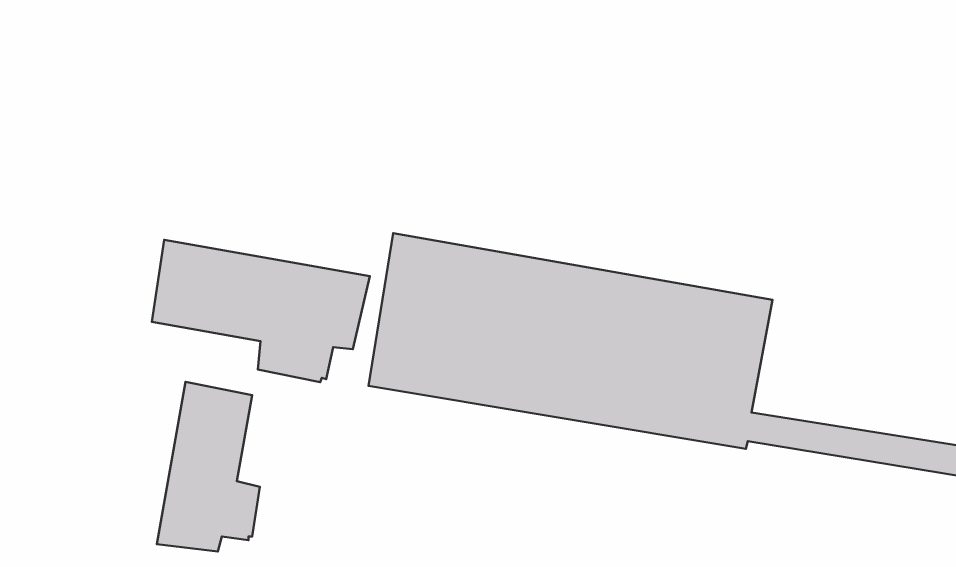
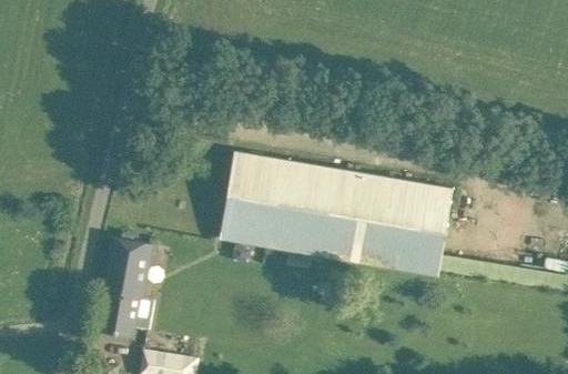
building: [152,240,370,382] -> none

